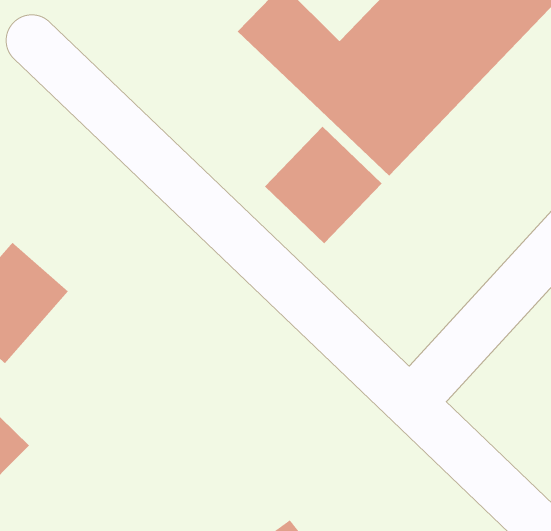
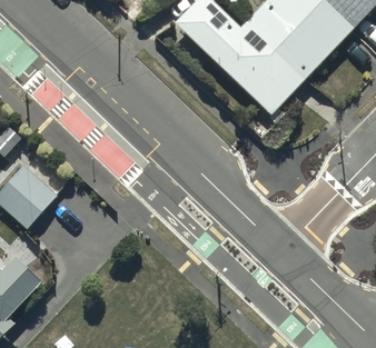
building: [264,126,382,244] -> none

